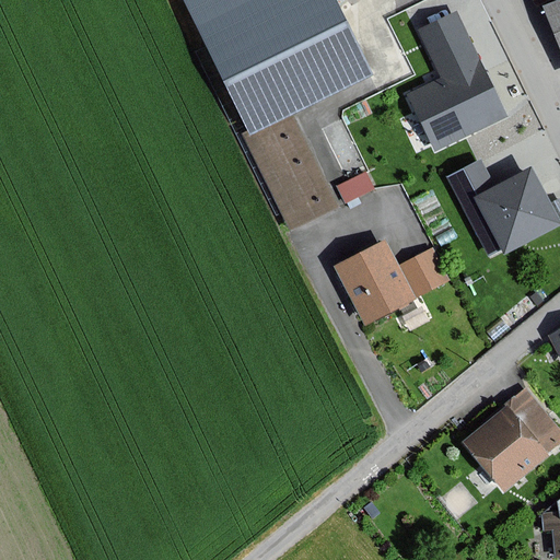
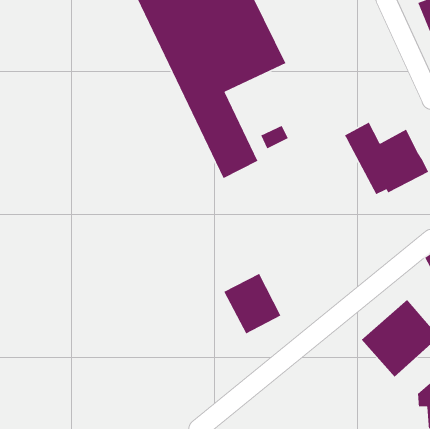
building: [409,12,504,148] -> none
building: [337,241,412,320] -> [223,273,281,335]
building: [407,248,447,290] -> none

